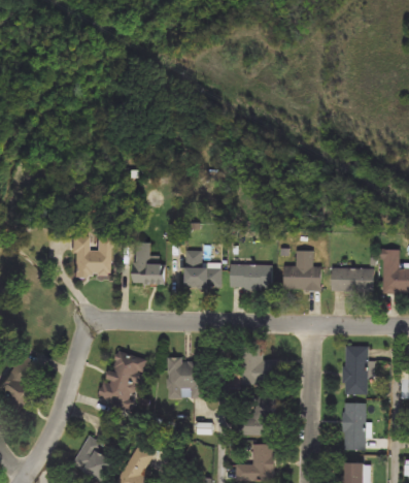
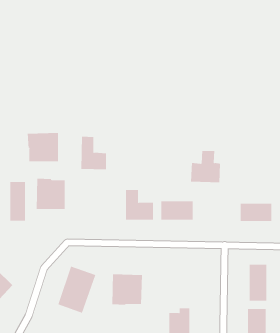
building: none -> [27,132,59,162]
building: none -> [10,181,25,221]
building: [132,240,166,284] -> [80,136,107,170]
building: [282,250,321,291] -> [190,151,221,183]
building: [242,348,277,388] -> none

